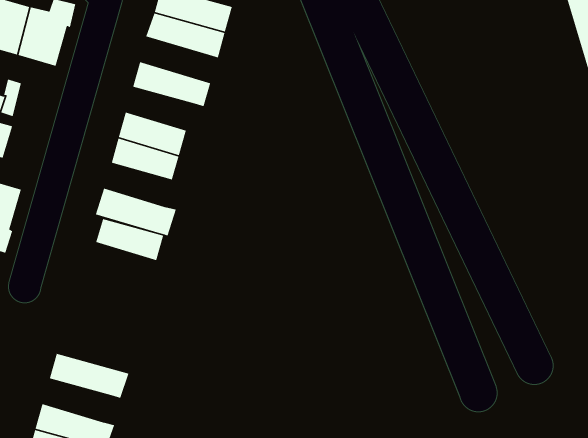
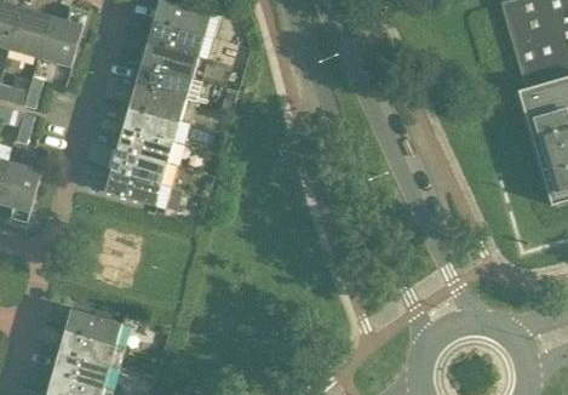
building: none -> [140,40,199,76]
building: none -> [128,82,187,119]
building: [95,218,164,261] -> [110,147,168,183]
building: none -> [58,328,116,365]

